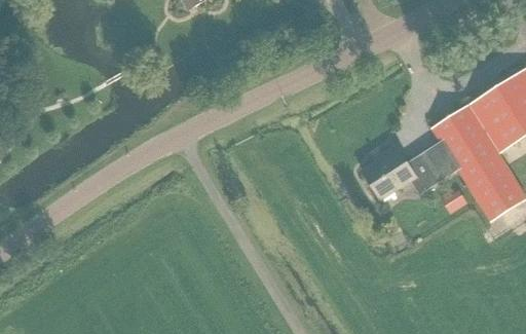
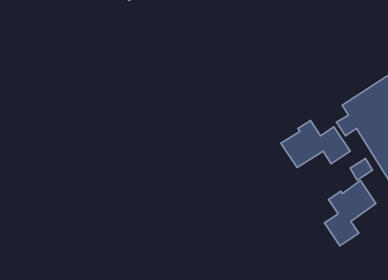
building: none -> [325,181,376,246]

